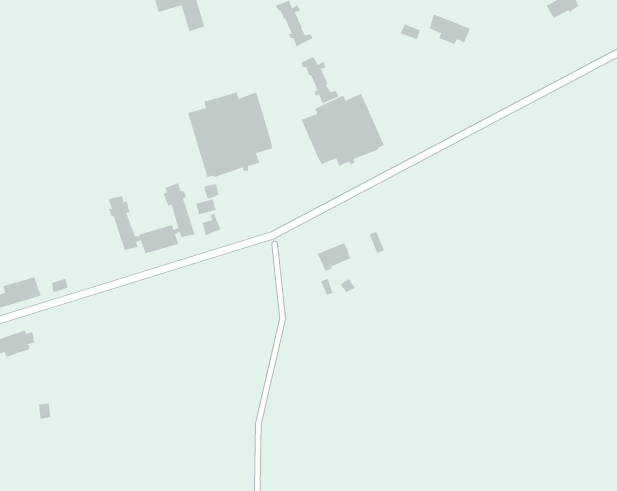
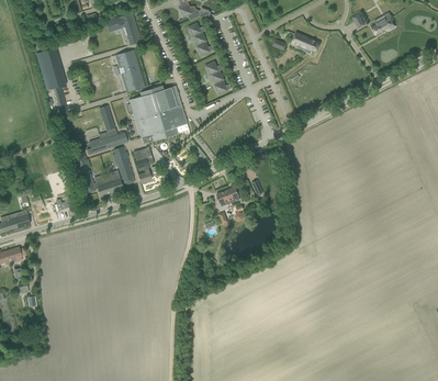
building: none -> [36,47,68,116]
building: none -> [115,49,145,91]
building: [301,93,384,167] -> none
building: none -> [87,127,127,154]

